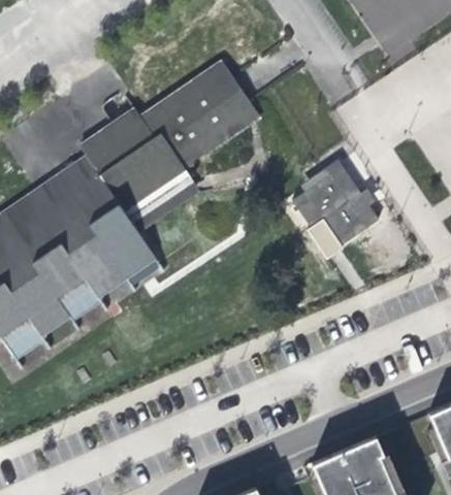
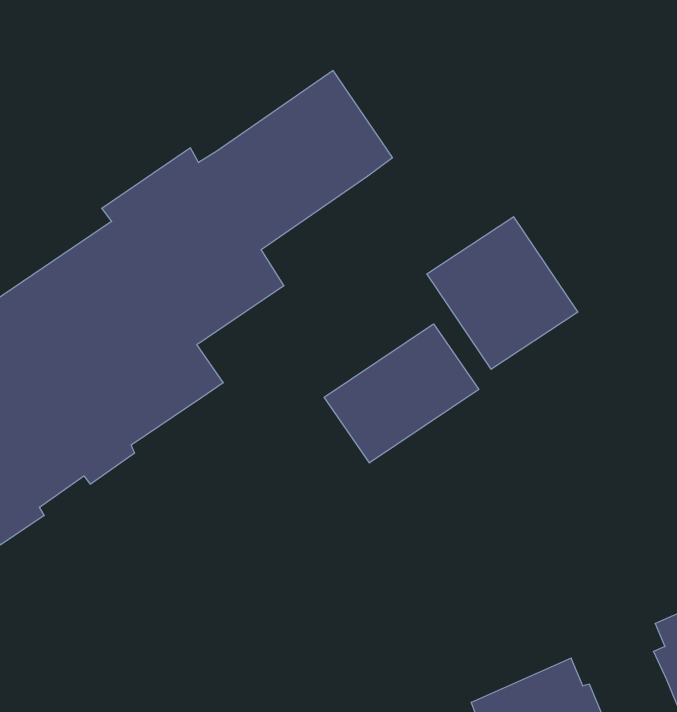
building: none -> [324,324,479,463]

